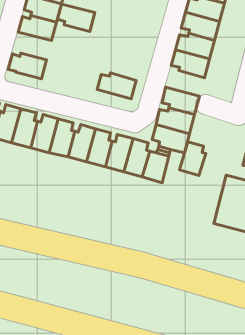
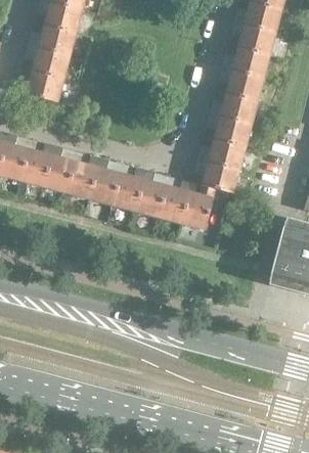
building: [57,4,95,32] -> [25,45,71,79]
building: [97,73,136,99] -> [211,92,259,124]
building: [180,142,206,175] -> none

